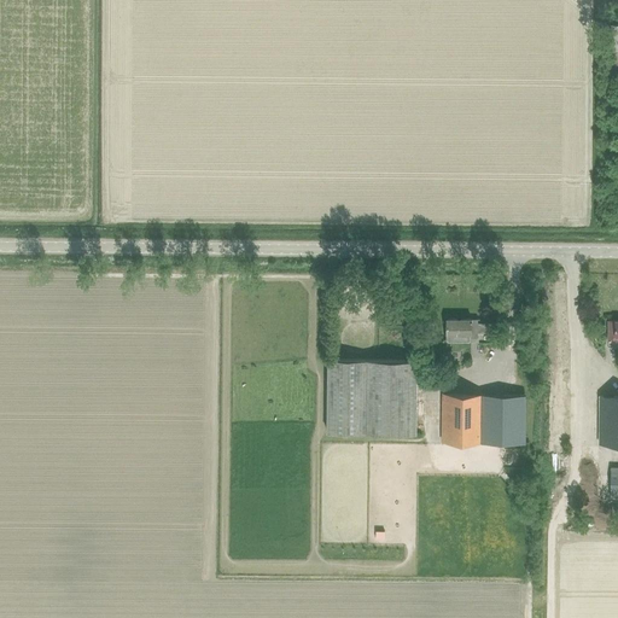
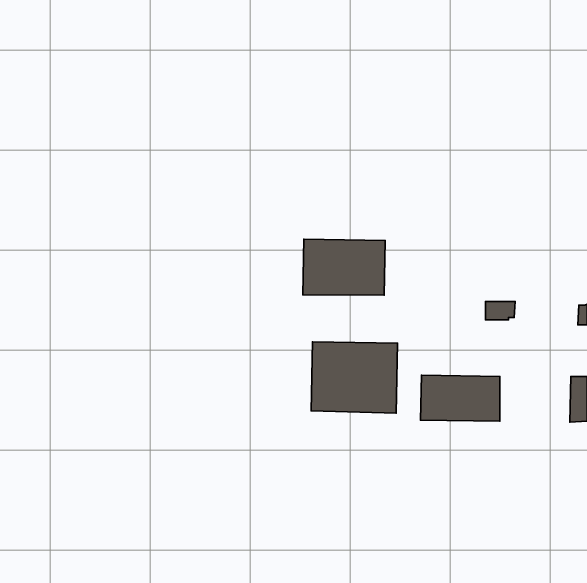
building: none -> [303,239,385,295]
building: [447,322,478,342] -> [485,301,515,320]

